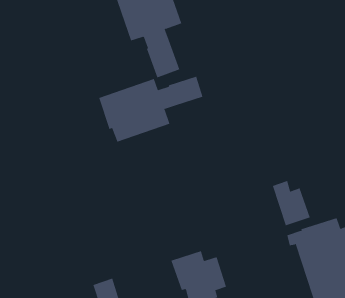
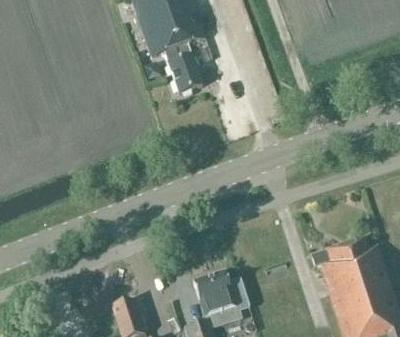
building: [98,76,203,142] -> none
building: [272,180,311,226] -> none

